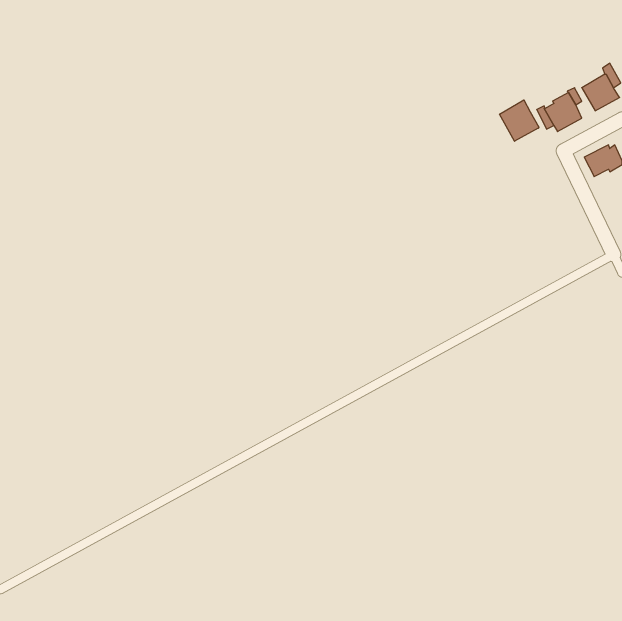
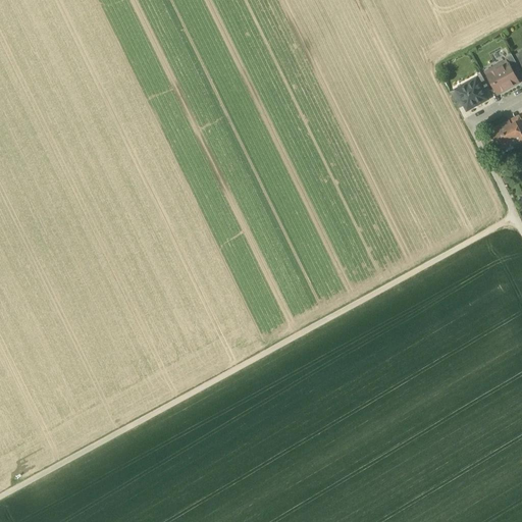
building: [500,100,539,141] -> none

